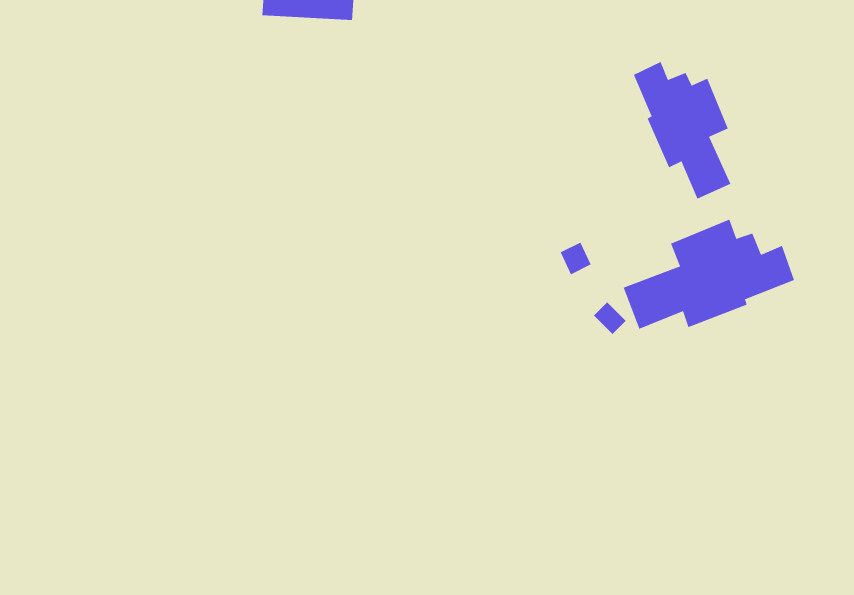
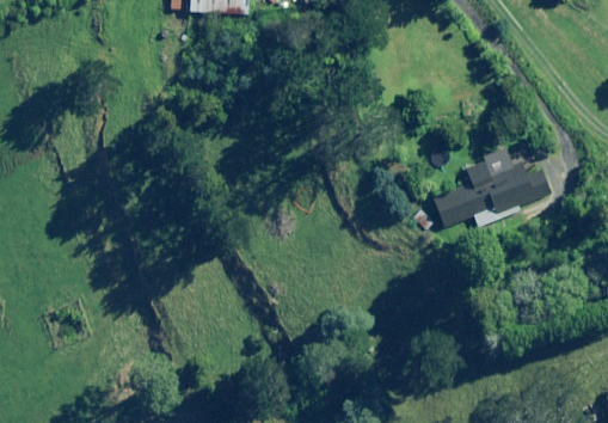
building: [633,61,731,199] -> none

